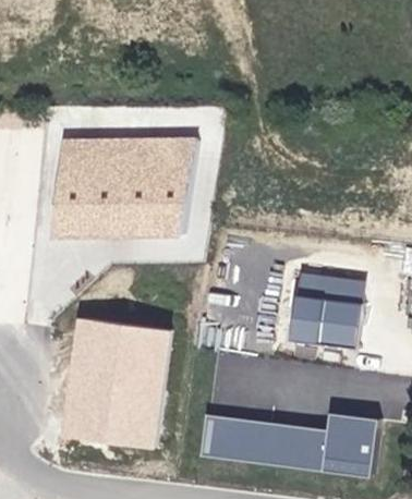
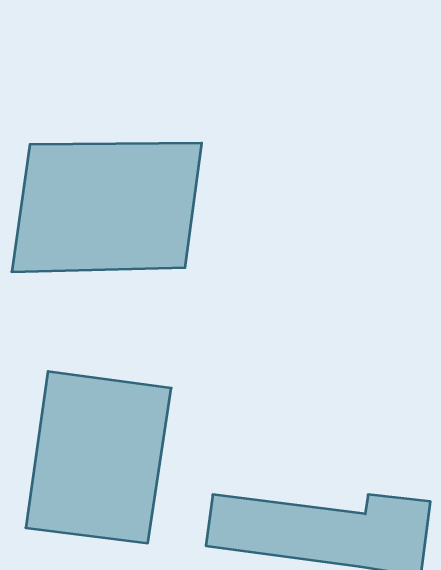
building: [289,271,366,349] -> none

